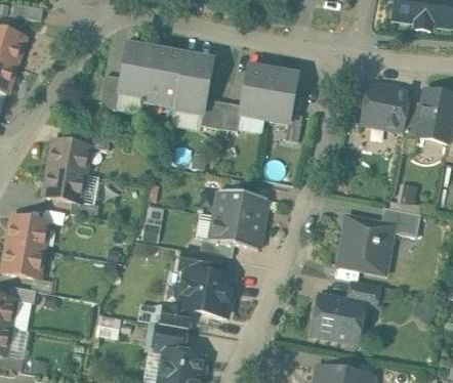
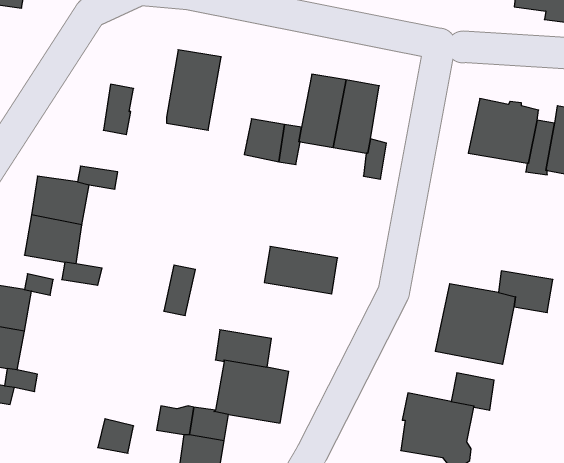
building: [118,45,153,97] -> none
building: [174,54,211,114] -> none
building: [209,215,262,249] -> none

